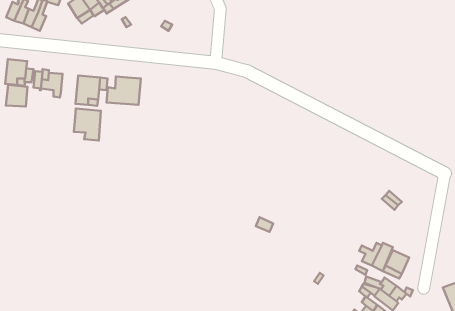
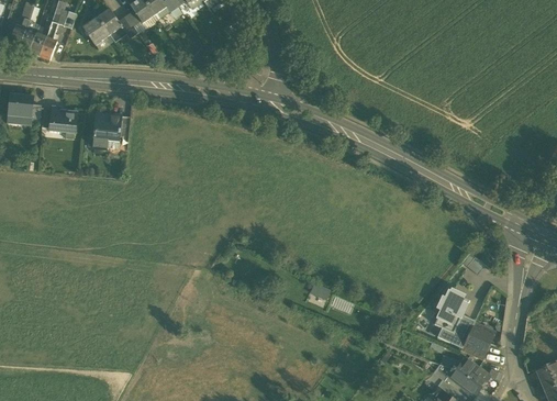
building: [106,77,141,105] -> none
building: [6,85,28,107] -> none
building: [74,109,101,141] -> none
building: none -> [436,289,468,324]

